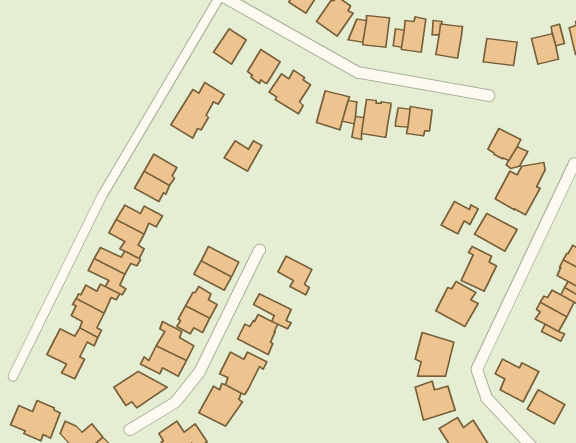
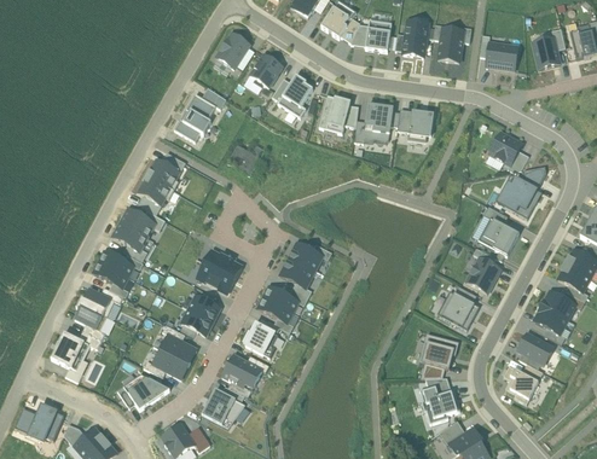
building: [441,201,478,234] -> none
building: none -> [289,242,332,272]
building: none -> [262,285,308,312]
building: [527,390,565,424] -> [517,331,555,365]

